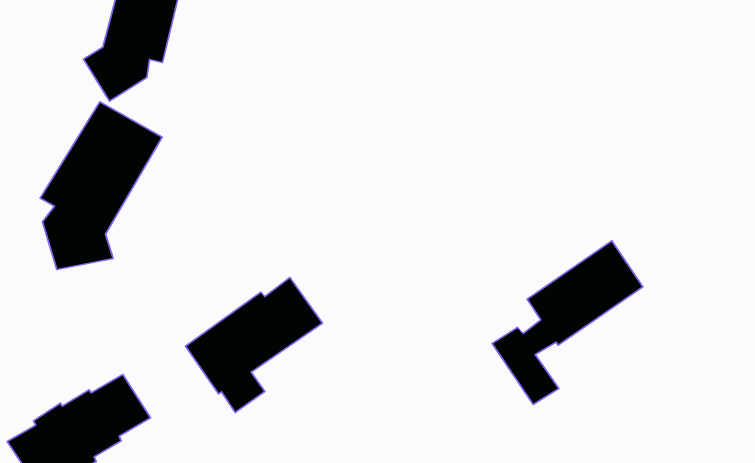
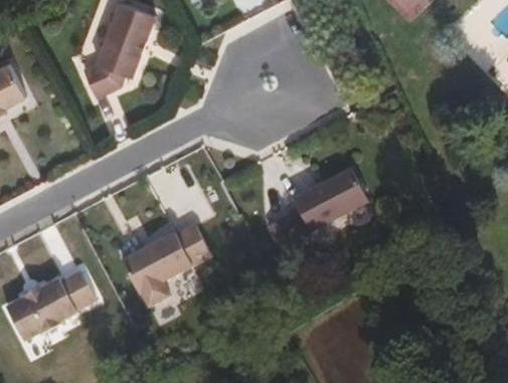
building: [40,102,162,269] -> none
building: [492,241,643,405] -> [268,167,366,263]

